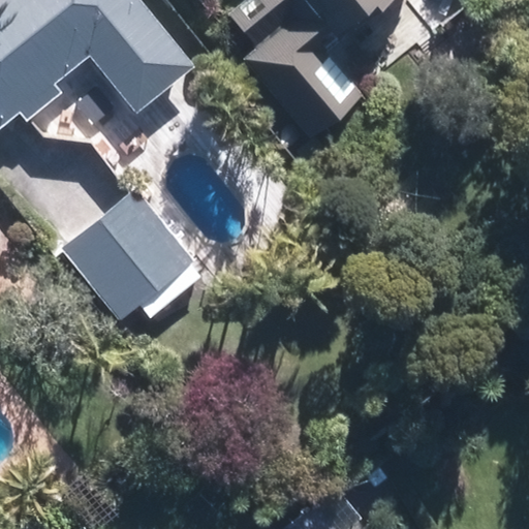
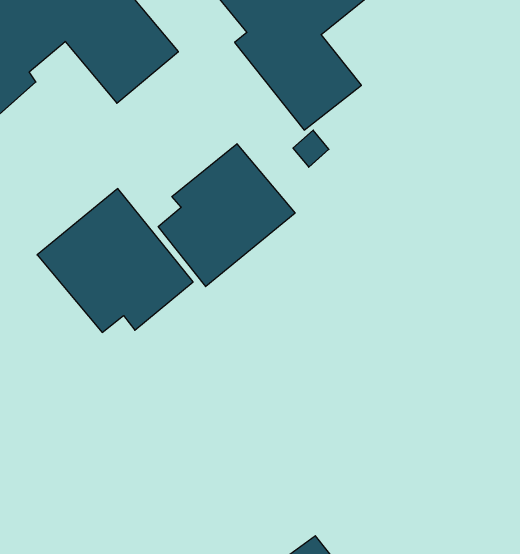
building: none -> [158,144,295,287]

